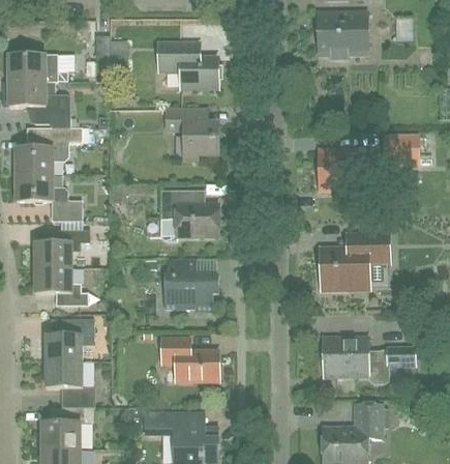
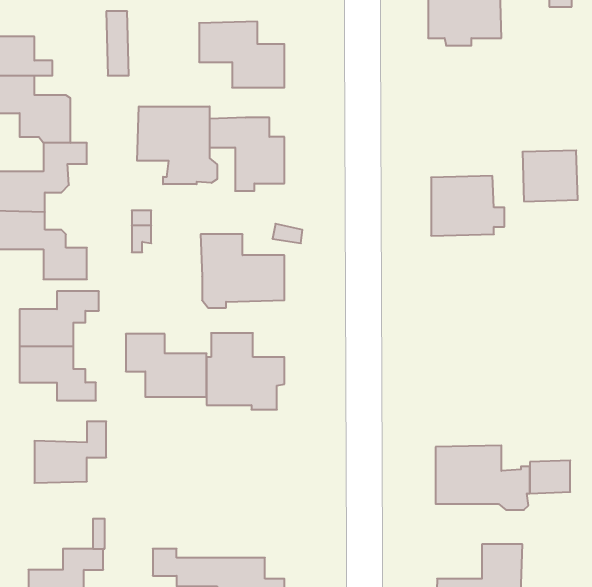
building: none -> [137,106,217,184]
building: [320,233,389,289] -> none
building: [161,338,217,381] -> [126,334,207,397]
building: [44,360,81,387] -> none

